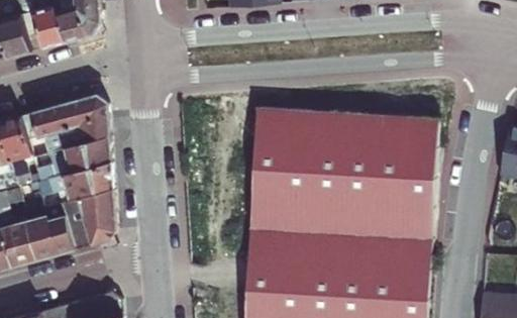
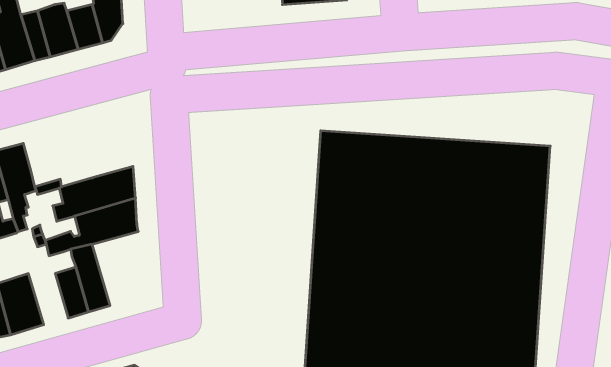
building: [22,95,109,143] -> none
building: [77,186,116,244] -> none
building: [26,214,58,259] -> none

